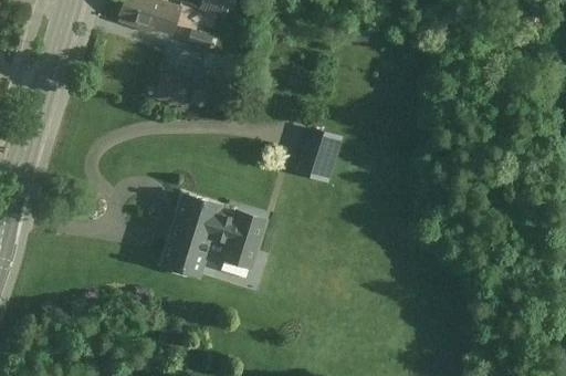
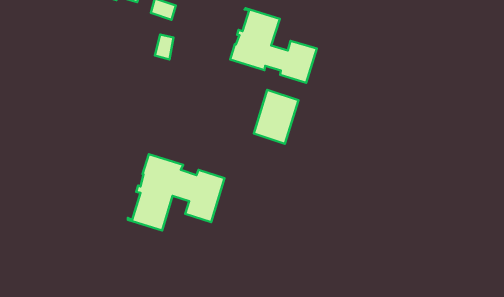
building: none -> [230,8,317,83]

